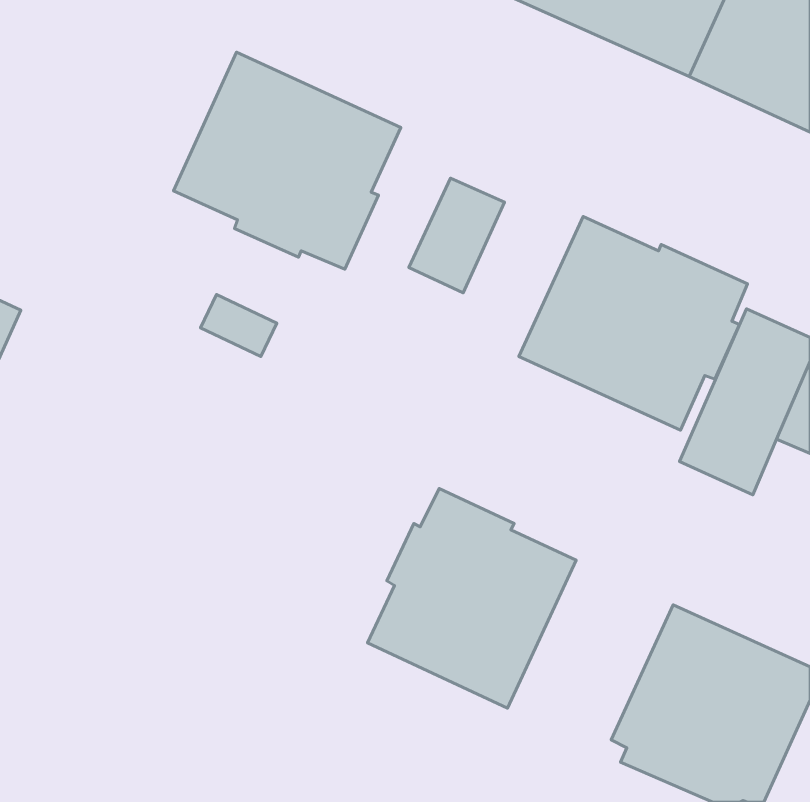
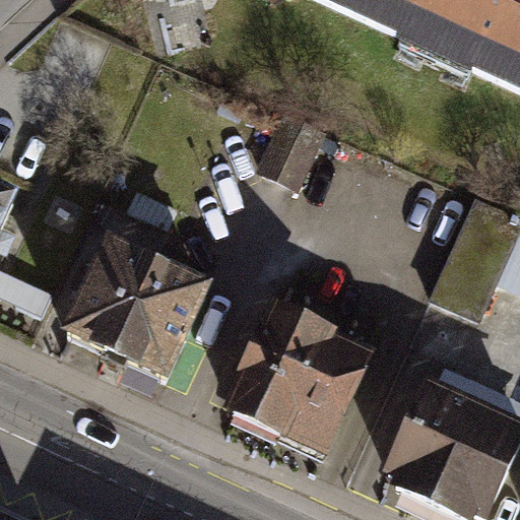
building: [173,52,401,269] -> none
building: [519,216,747,430] -> none
building: none -> [71,246,205,377]

